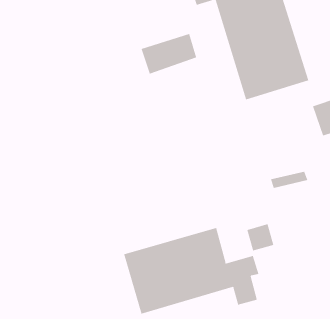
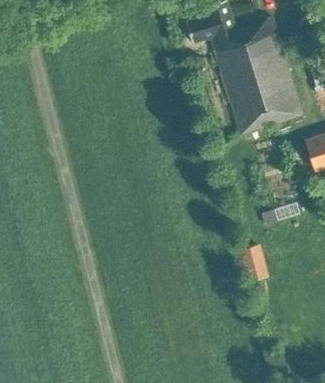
building: [141,33,197,74] -> none
building: [124,227,259,314] -> none

